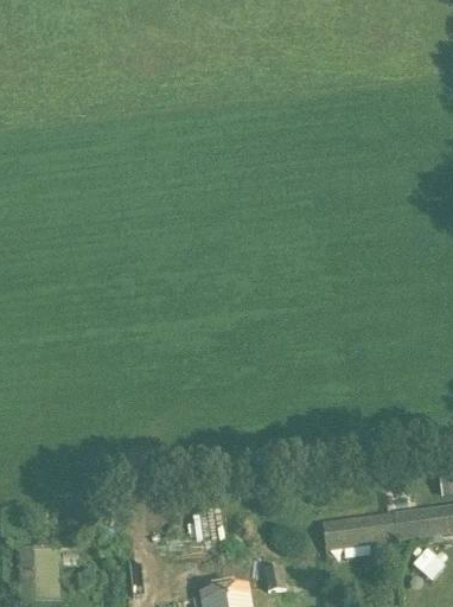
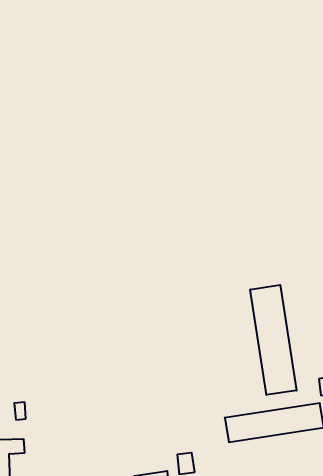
building: none -> [250,285,296,395]

